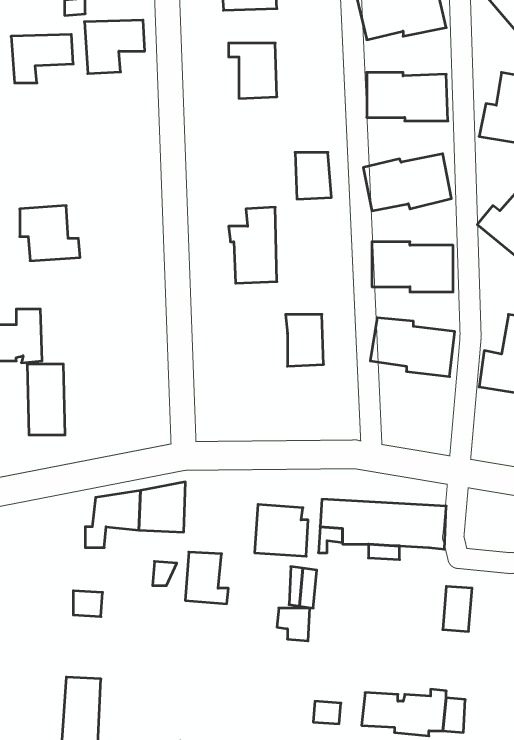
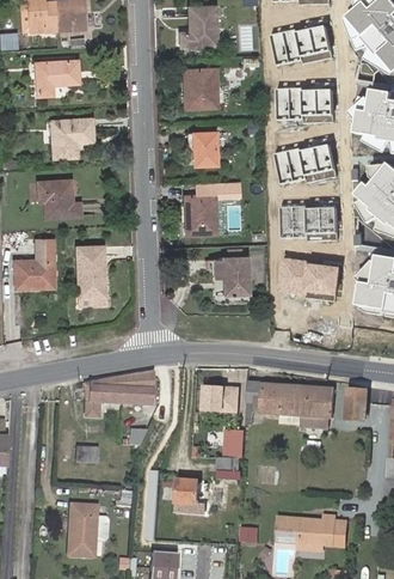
building: [84,20,145,74] -> [50,120,92,157]
building: [295,152,331,199] -> [191,130,216,163]
building: [27,364,65,435] -> [78,246,104,295]
building: [185,552,228,604] -> [173,480,203,516]
building: [443,586,472,631] -> [346,388,367,419]

